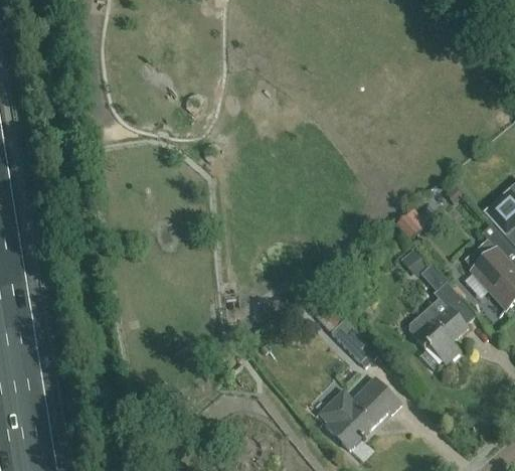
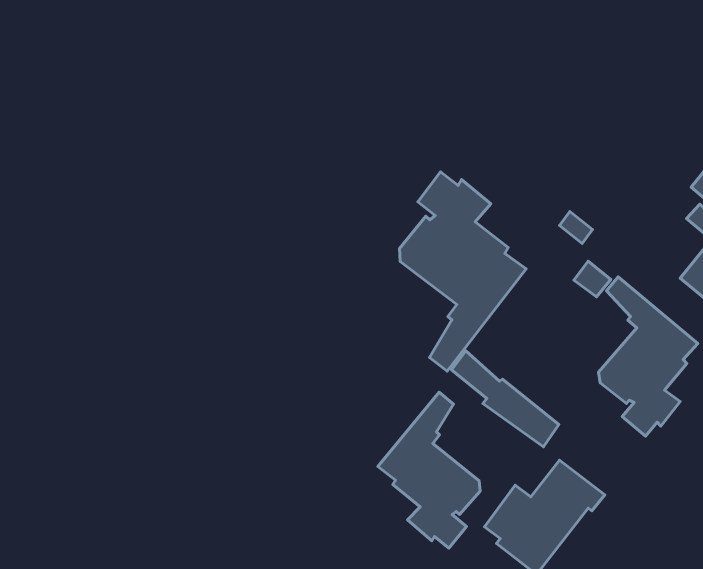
building: none -> [399,172,526,371]
building: none -> [378,392,480,548]

